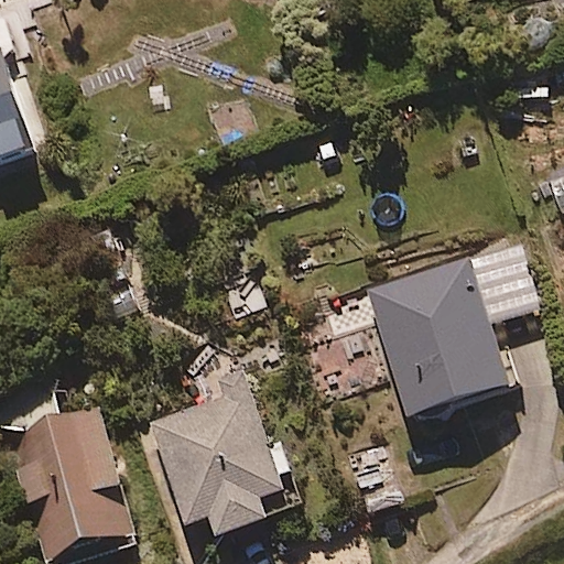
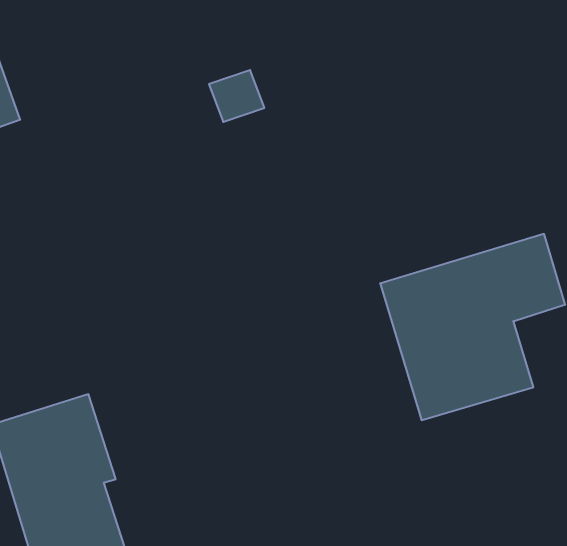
building: [143,370,291,533] -> none

